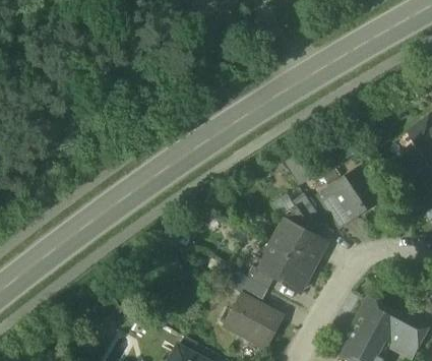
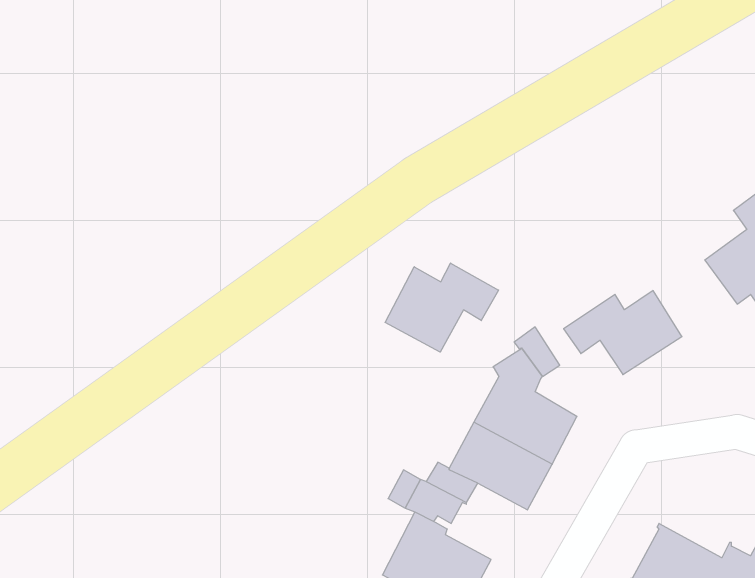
building: none -> [385,263,499,352]

